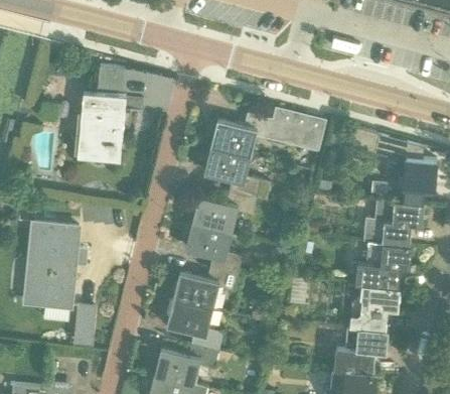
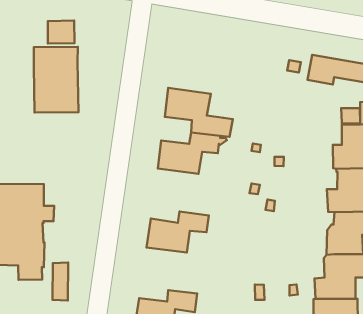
building: [210,108,327,155] -> none
building: [185,224,242,275] -> none
building: [166,300,222,351] -> none

